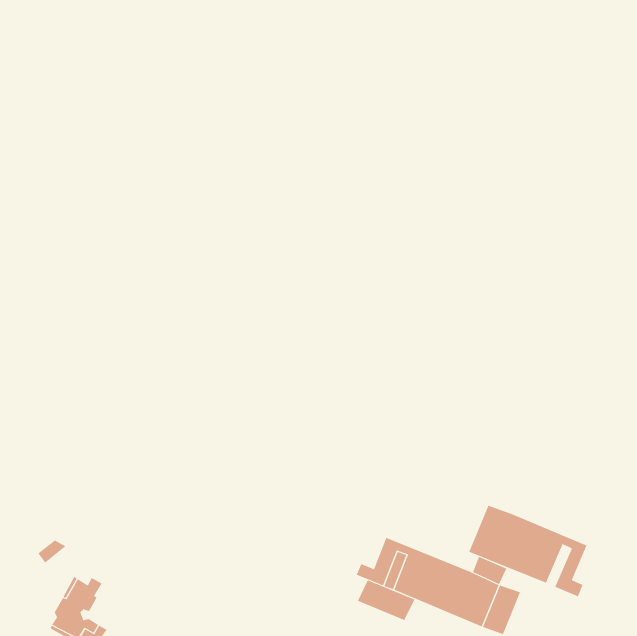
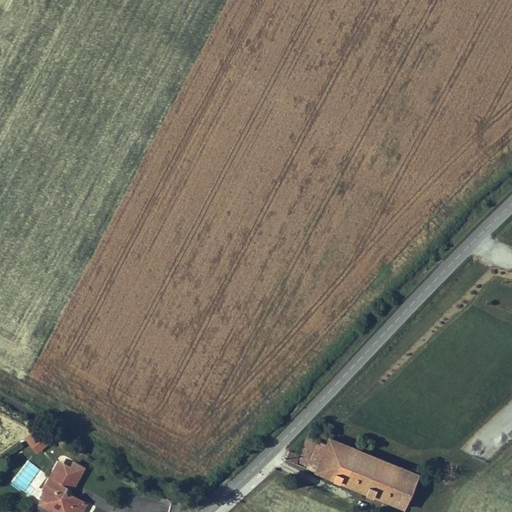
building: [469,505,587,597] -> none
building: [357,580,415,621] -> none

